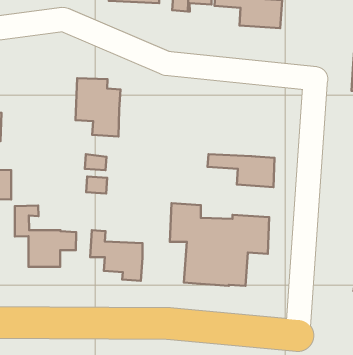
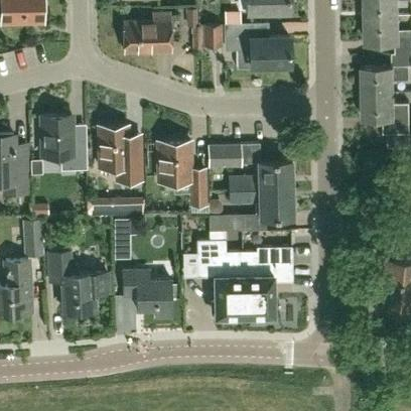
building: none -> [42,115,88,170]
building: none -> [158,143,207,206]
building: none -> [209,145,293,191]
building: none -> [210,216,243,232]

